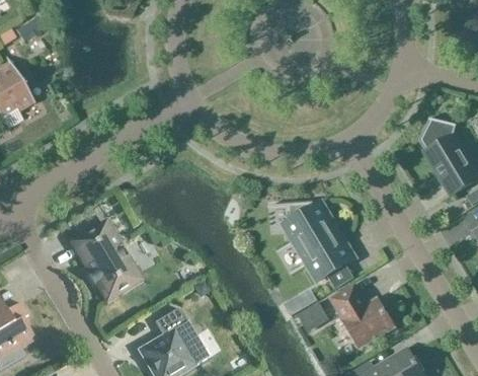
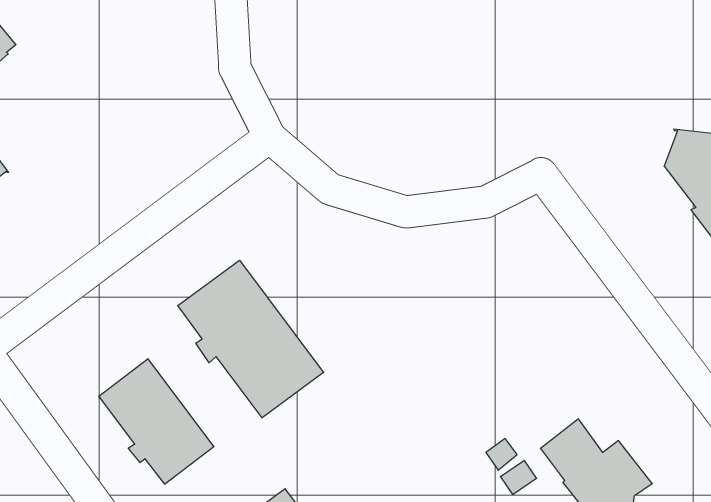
building: none -> [178,260,324,418]
building: [268,202,354,281] -> none

